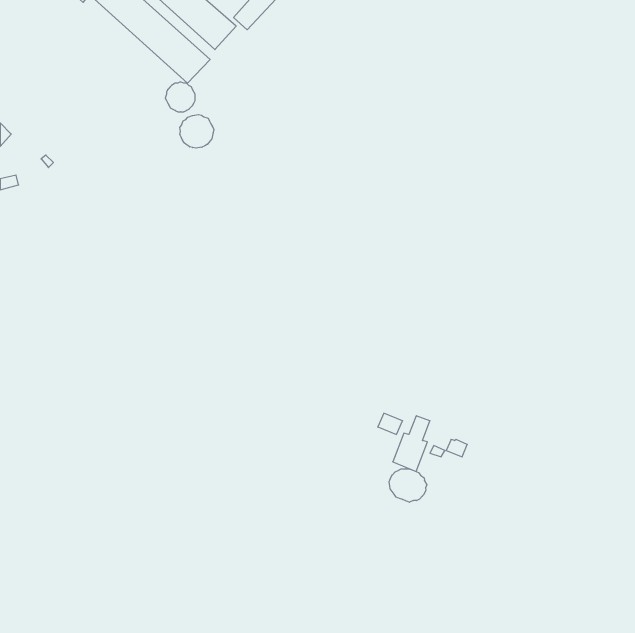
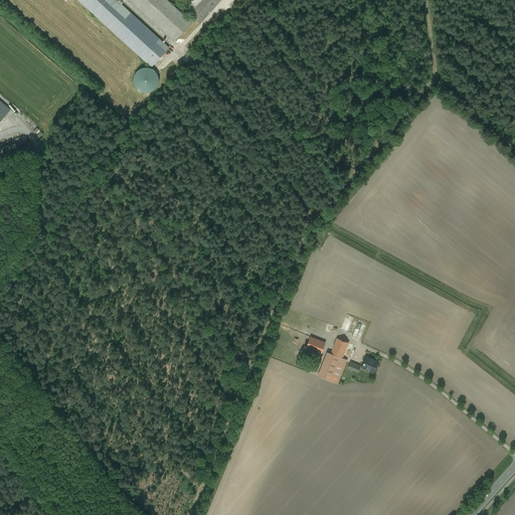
building: [180,115,214,148] -> none
building: [389,469,427,502] -> none

